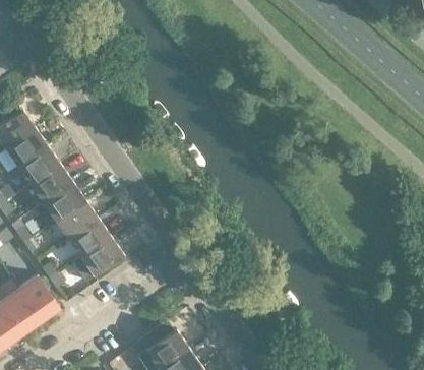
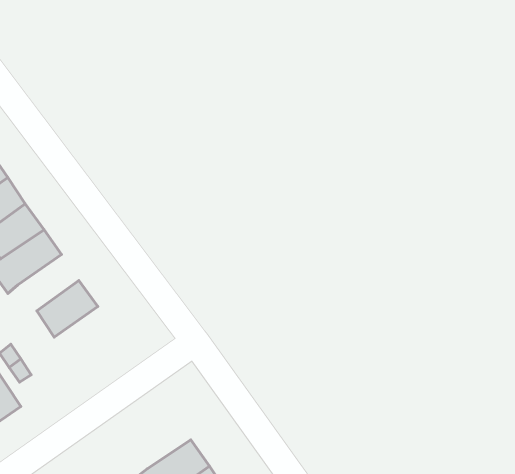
building: [55,201,98,241] -> none
building: [72,238,124,283] -> none

